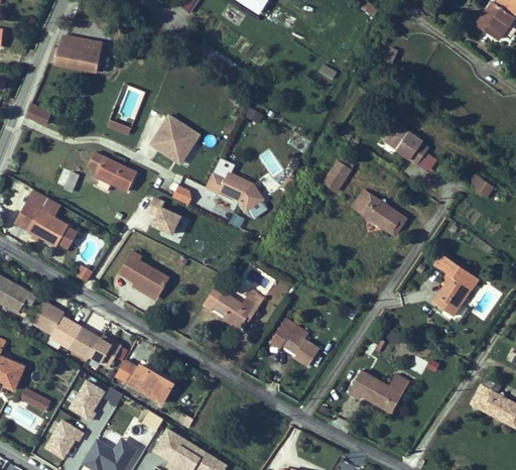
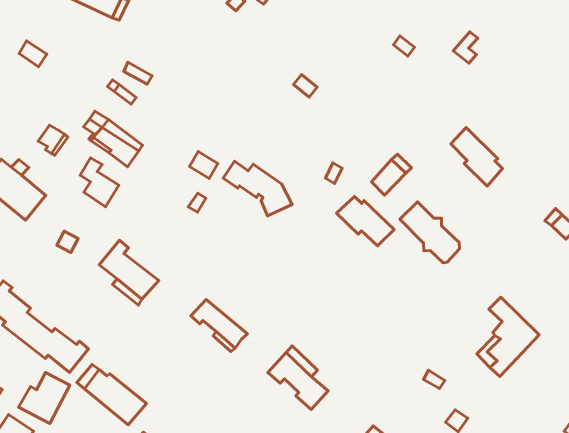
building: [154,118,203,160] -> none
building: none -> [337,196,394,246]
building: [143,196,175,233] -> [80,158,119,207]
building: [209,285,261,314] -> none

